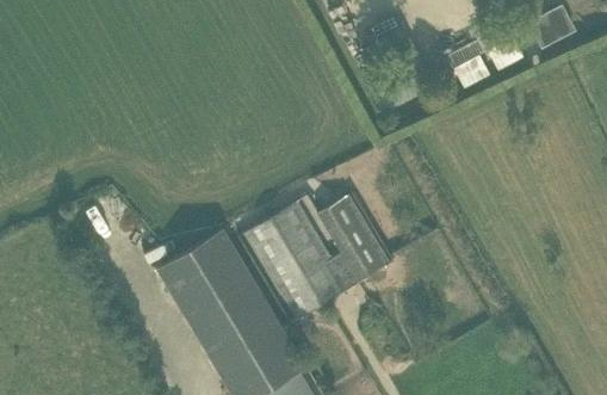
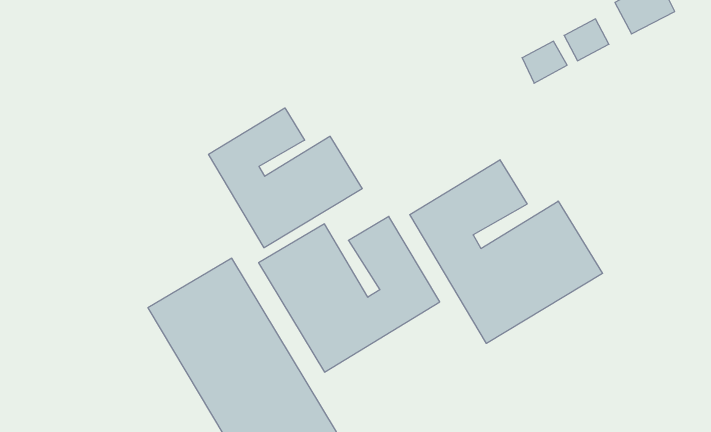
building: none -> [209,108,362,248]
building: none -> [410,160,603,343]

